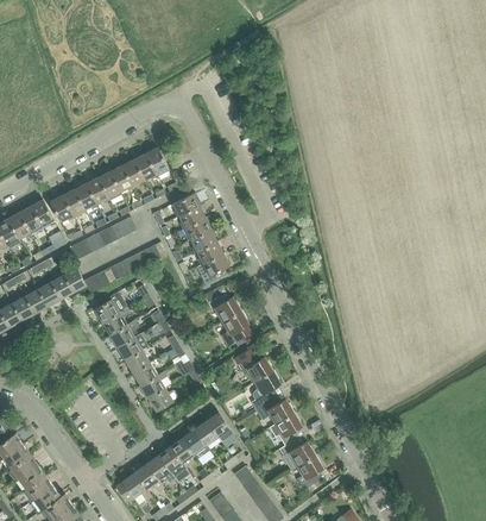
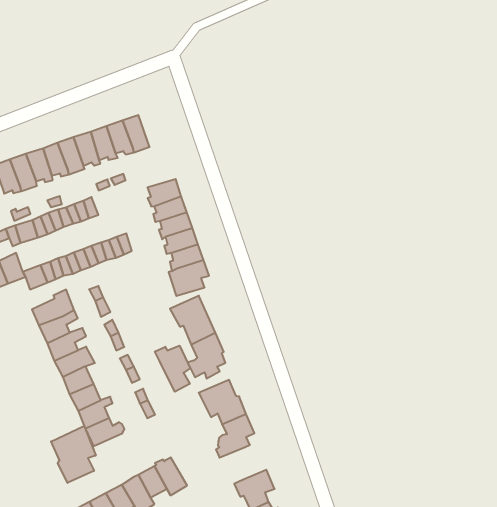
building: none -> [155,346,190,392]
building: none -> [51,426,96,483]
building: [255,396,294,422] -> none

